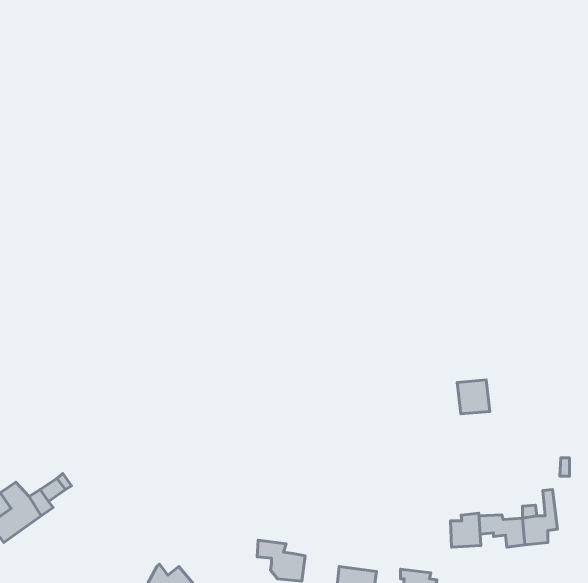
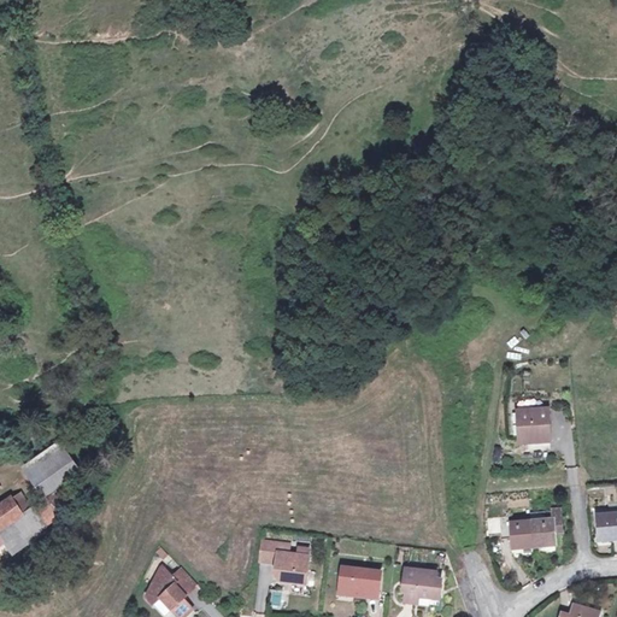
building: [457,380,490,414] -> [515,404,547,437]
building: none -> [28,445,78,489]
building: [451,513,481,547] -> none

